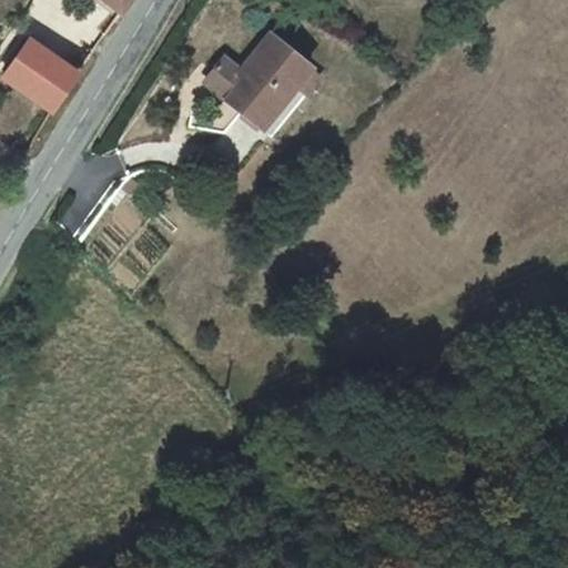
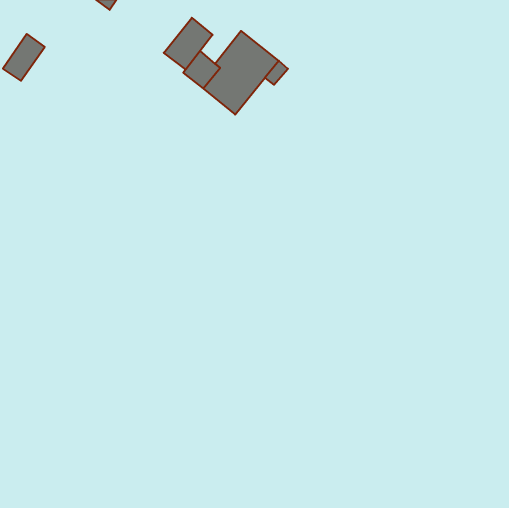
building: none -> [164,18,213,70]
building: [23,52,78,110] -> none

